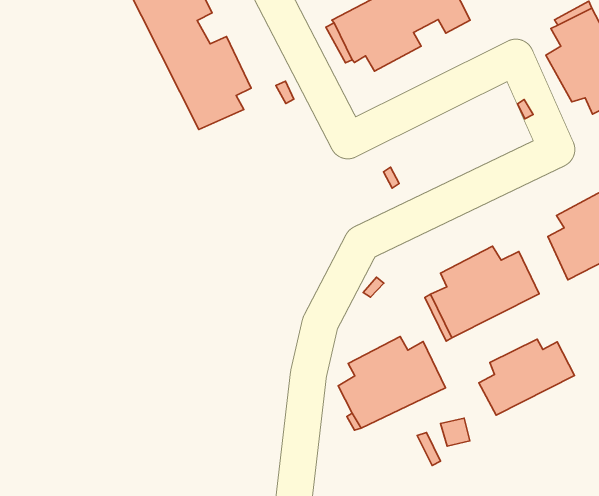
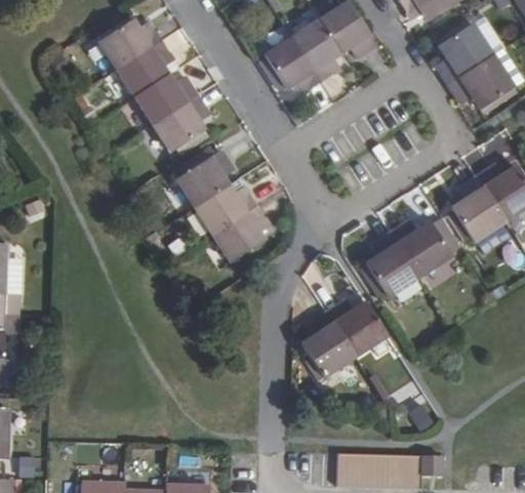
building: none -> [177,153,268,270]
building: [479,339,575,415] -> none

